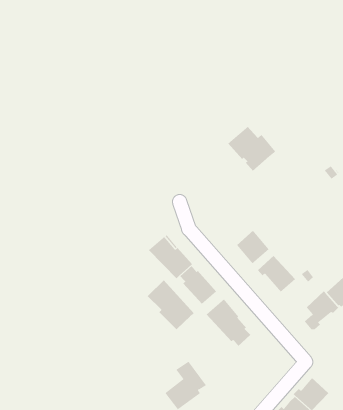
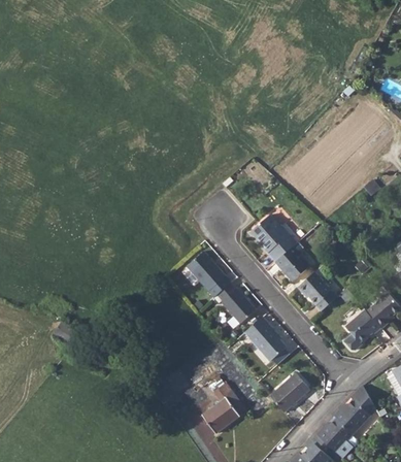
building: [228,126,276,172] -> [250,216,300,262]
building: [147,279,194,330] -> none
building: none -> [272,372,312,411]

